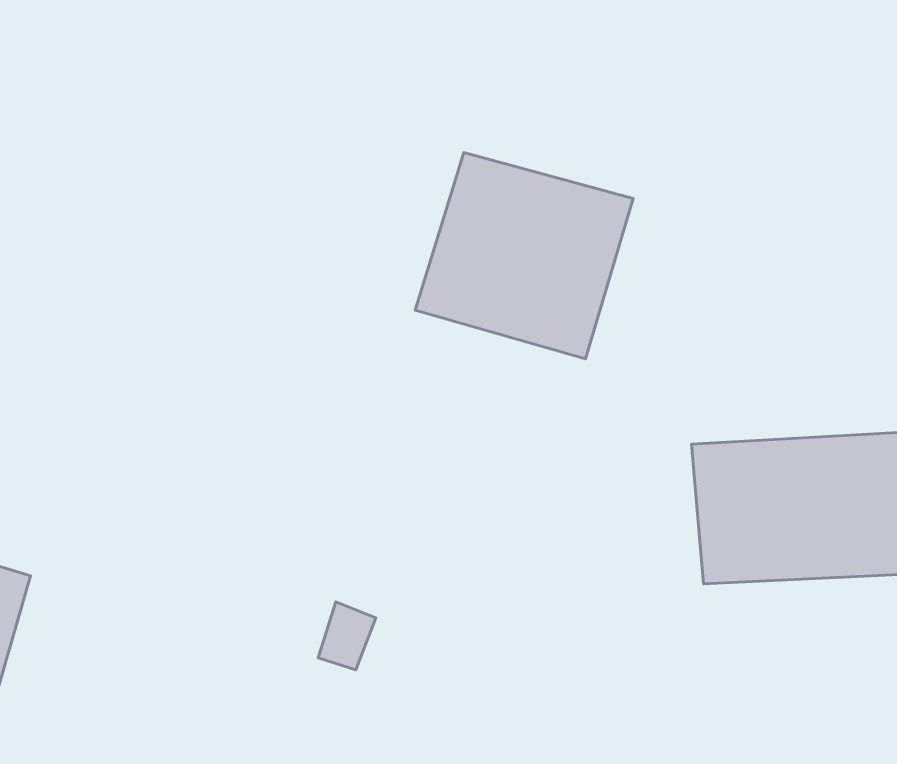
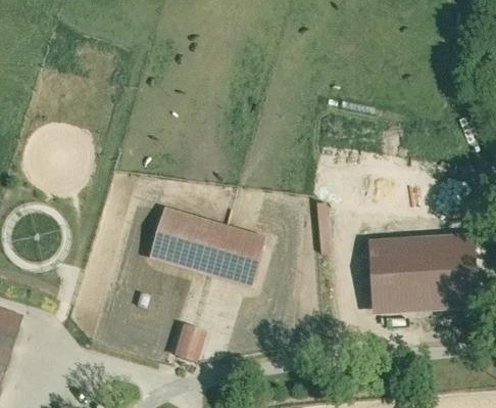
building: [415,152,633,359] -> none
building: none -> [148,207,264,285]

